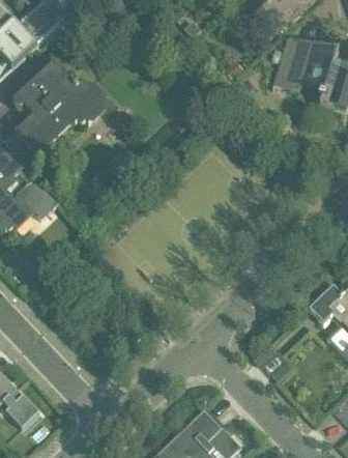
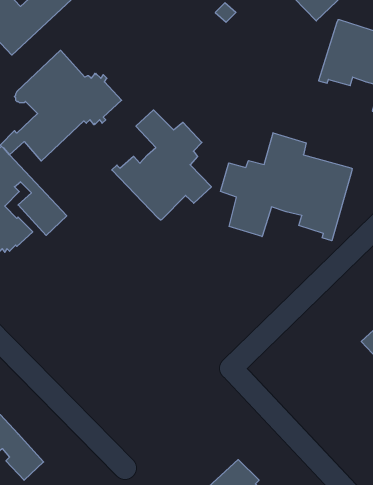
building: none -> [112,110,211,220]
building: none -> [220,133,352,241]

